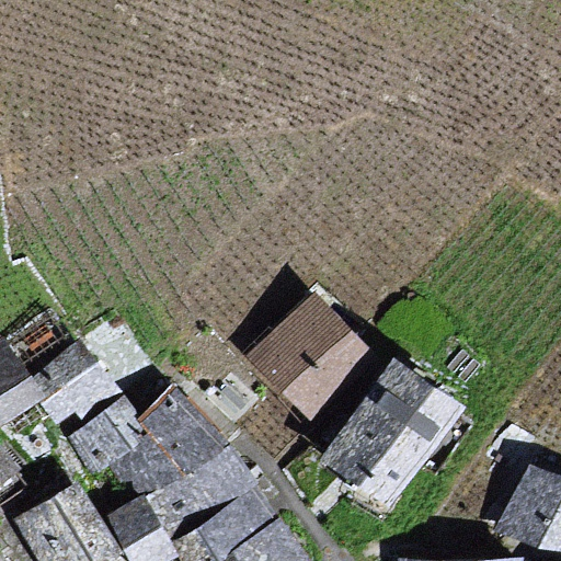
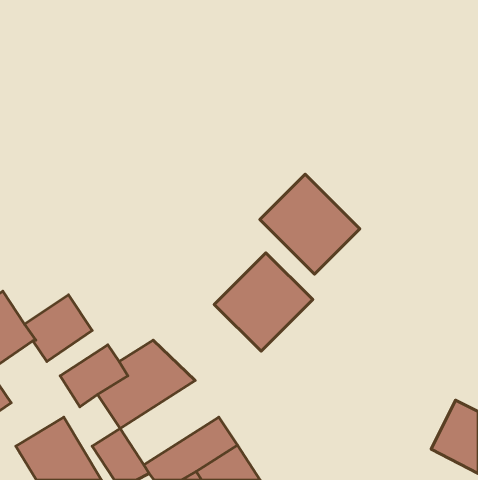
building: none -> [260,174,360,274]
building: [327,363,455,501] -> none
building: [140,444,255,542] -> none

